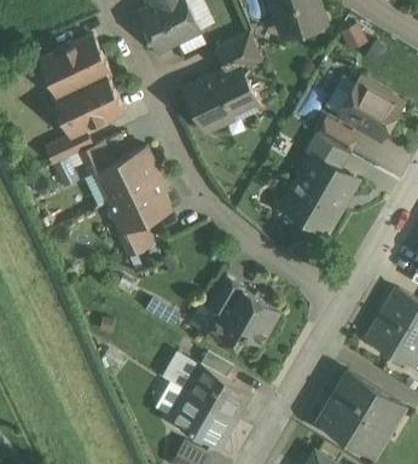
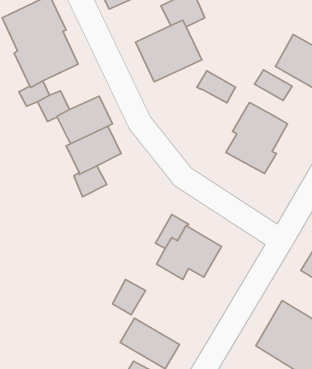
building: [306,135,348,170] -> [197,71,236,103]
building: [185,364,250,420] -> none

